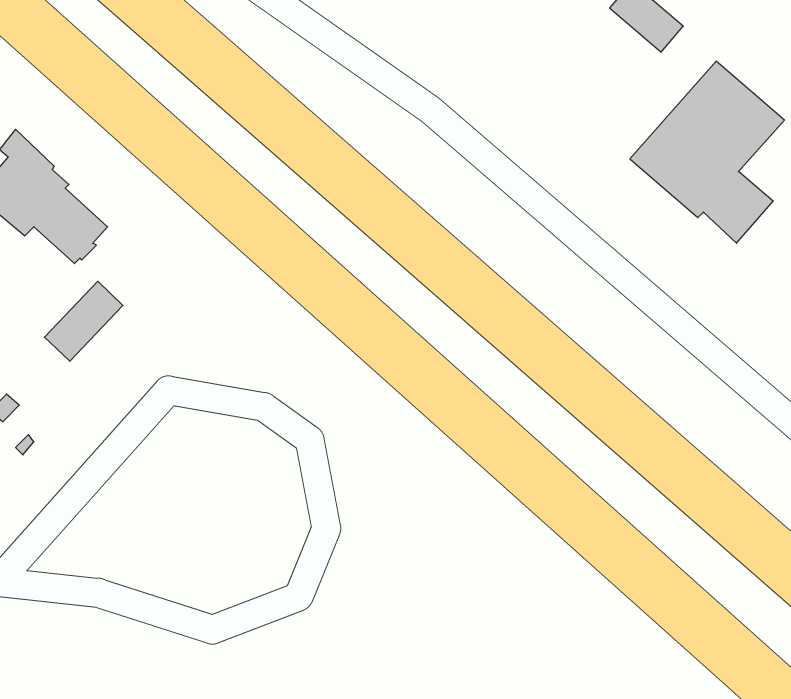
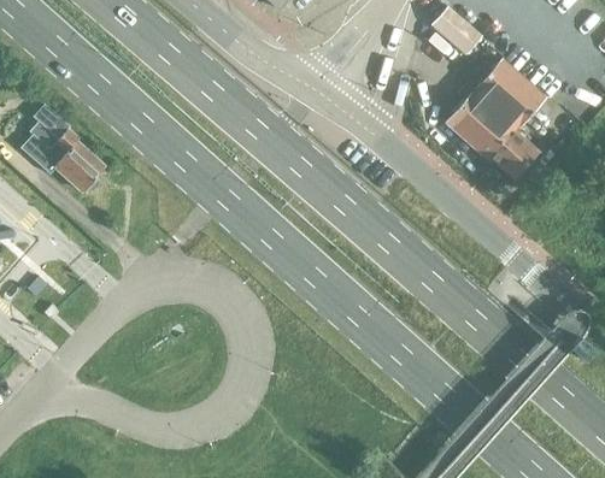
building: [44,281,123,361] -> none

